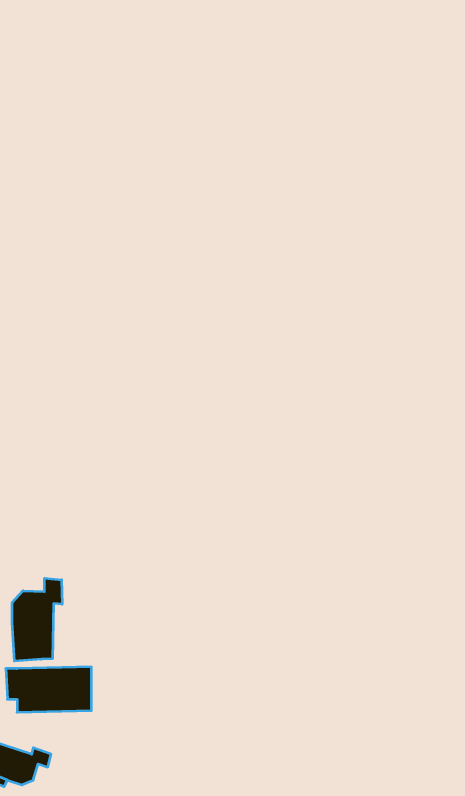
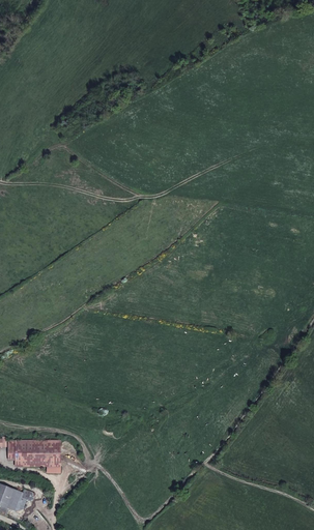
building: [12,578,62,661] -> none

